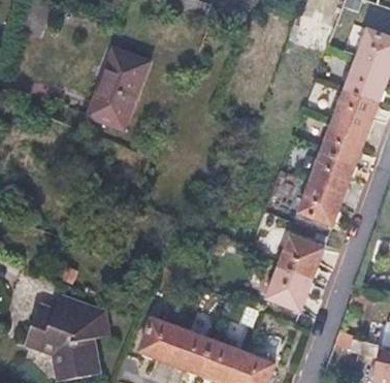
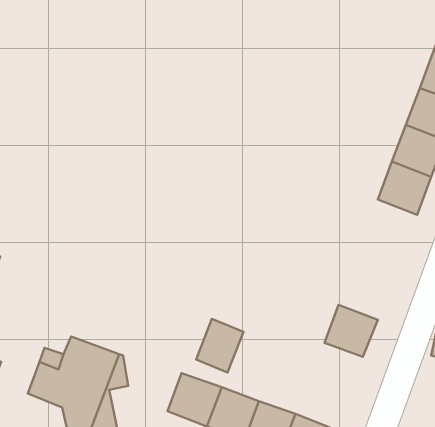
building: [87,47,149,128] -> none
building: [298,182,342,225] -> none
building: [278,236,321,280] -> none
building: none -> [196,319,243,372]

